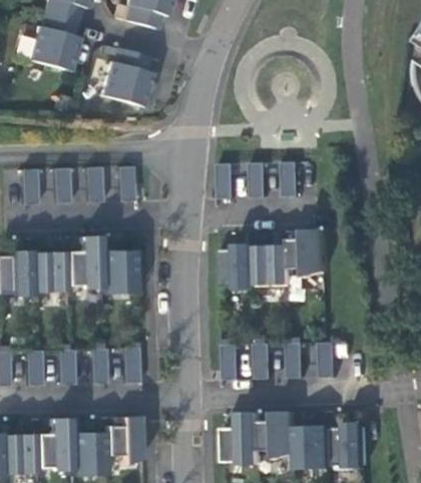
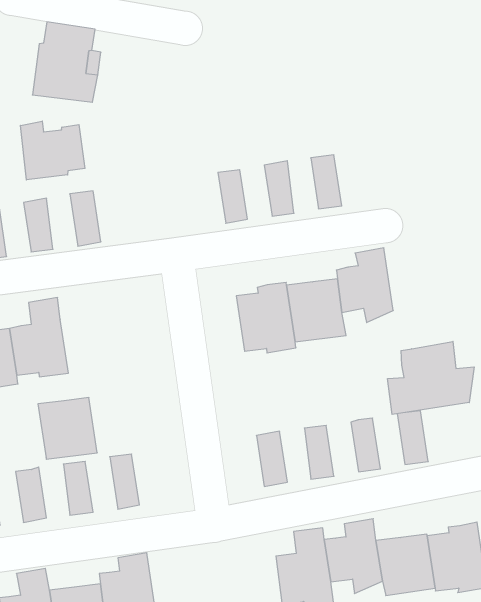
building: none -> [20,121,85,180]
building: [100,251,136,289] -> [38,398,97,459]
building: none -> [388,341,474,414]

